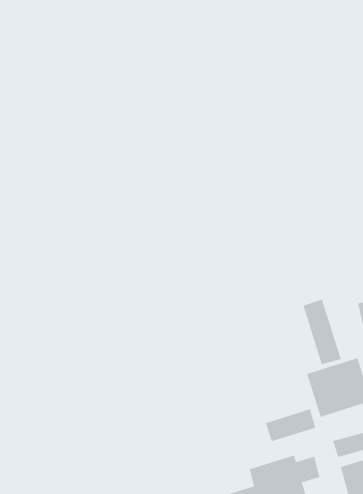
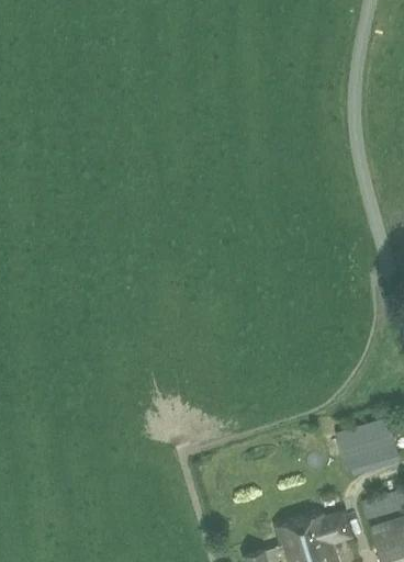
building: [302,298,342,365] -> none
building: [265,408,316,442] -> none

